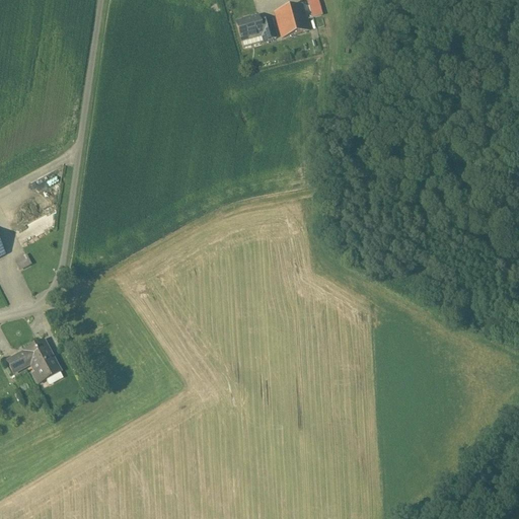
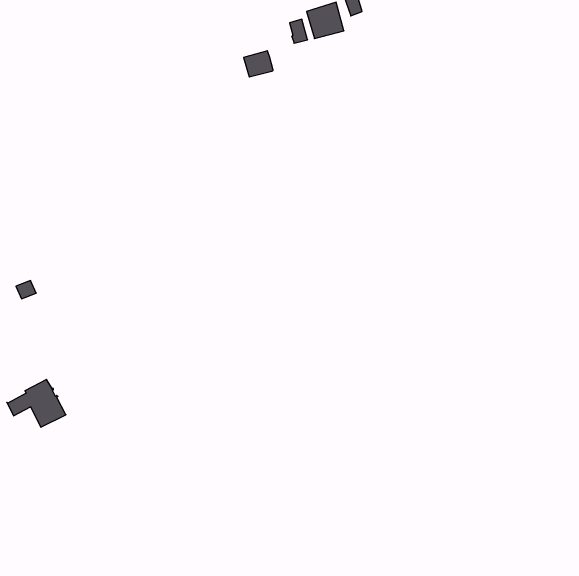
building: [235,14,262,38] -> [244,51,273,77]

